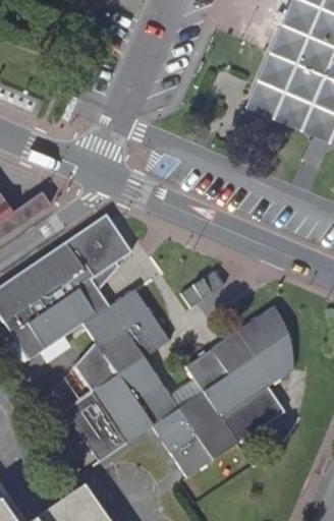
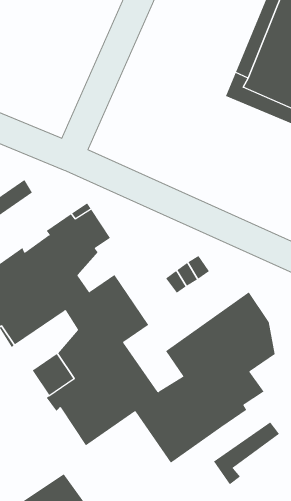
building: none -> [213,421,280,485]

